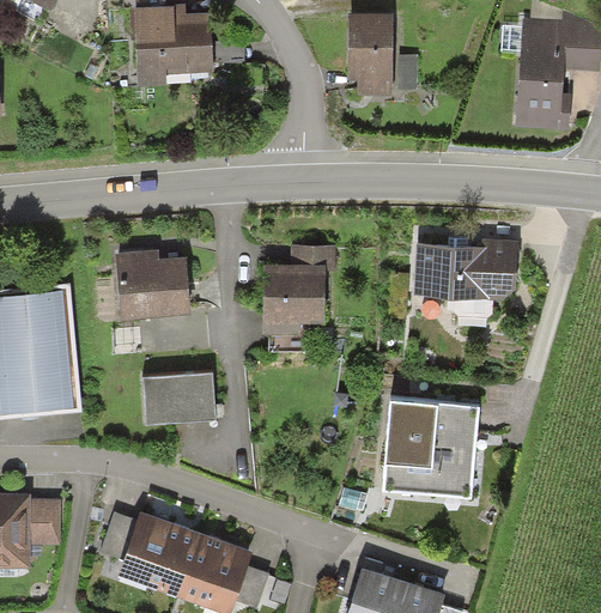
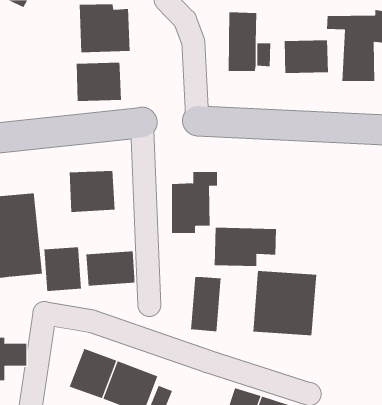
building: none -> [284,39,328,74]
building: none -> [76,62,122,102]
building: [423,253,515,310] -> [214,227,277,266]
building: none -> [44,246,81,292]
building: none -> [191,276,221,332]

